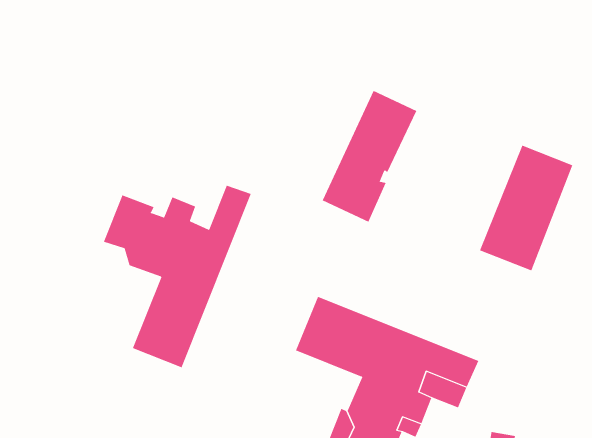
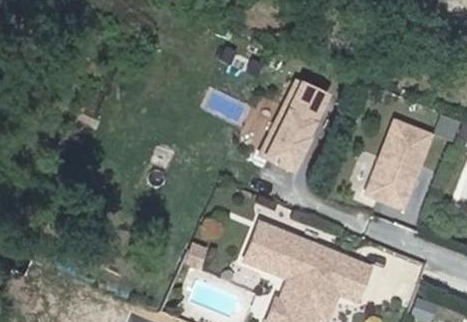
building: [103,185,251,368] -> none

